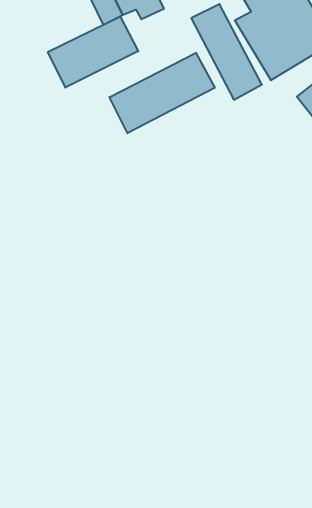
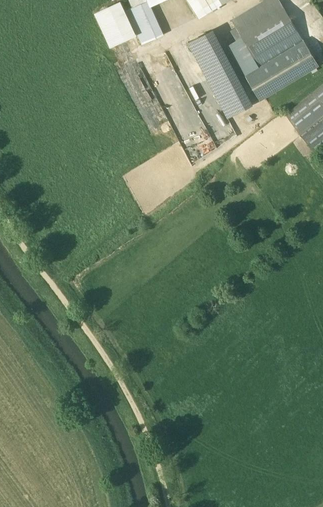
building: [48,16,138,88] -> none
building: [109,53,215,133] -> none

